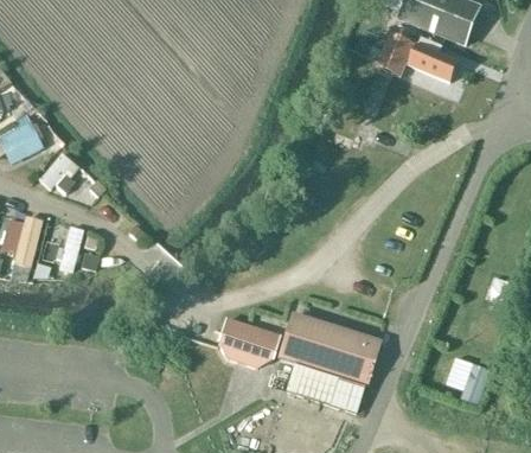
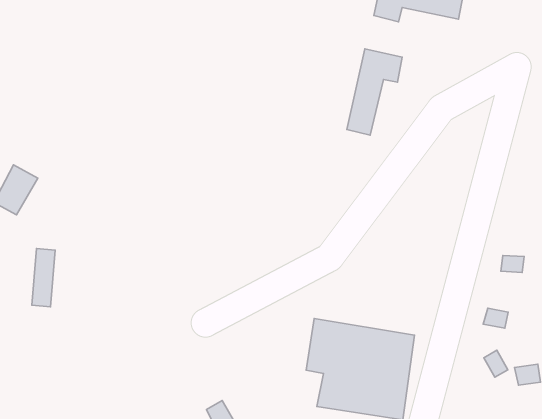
building: none -> [347,49,402,135]
building: [220,319,281,368] -> none

